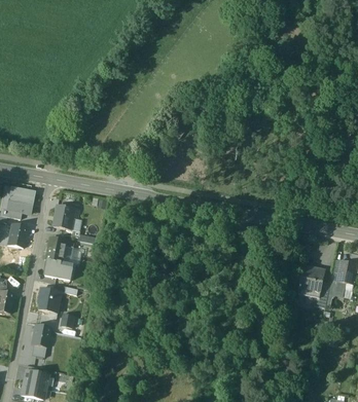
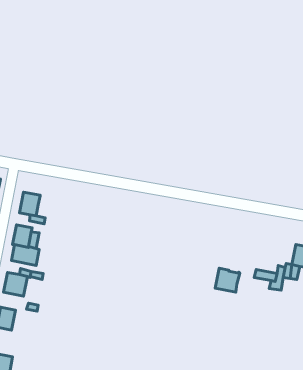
building: [300,264,326,289] -> [215,268,240,292]

